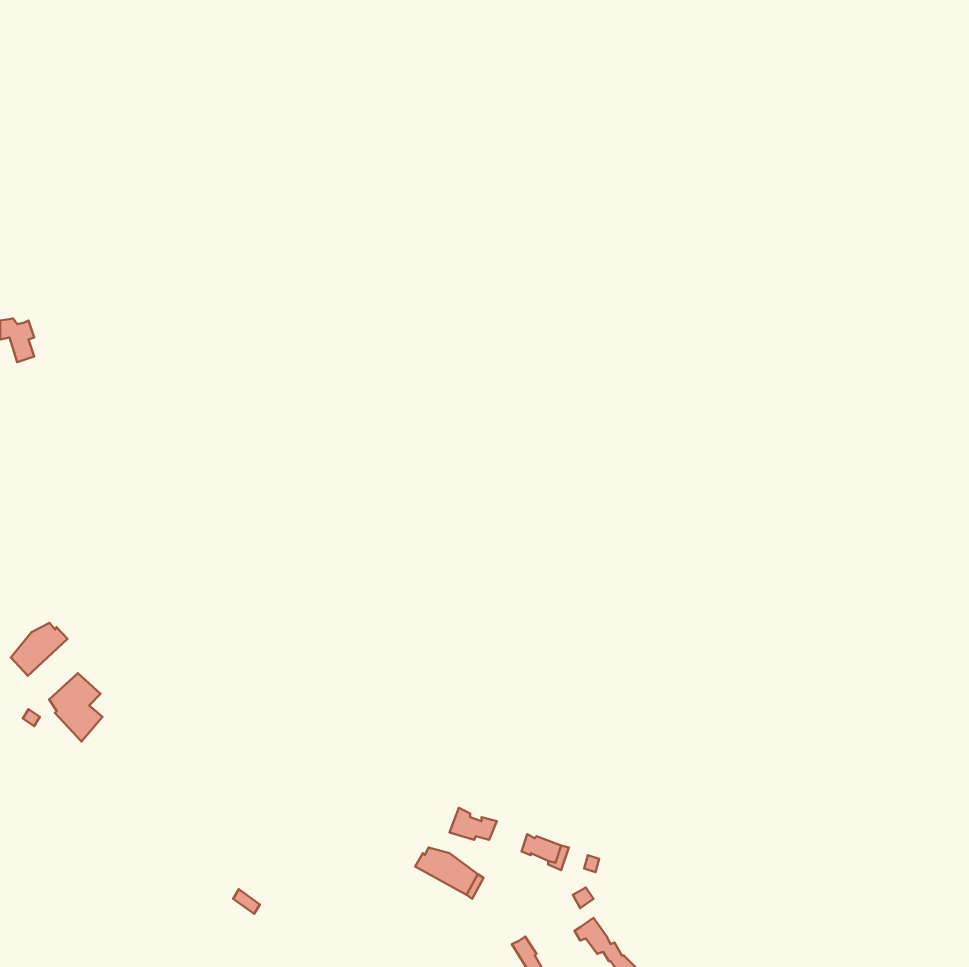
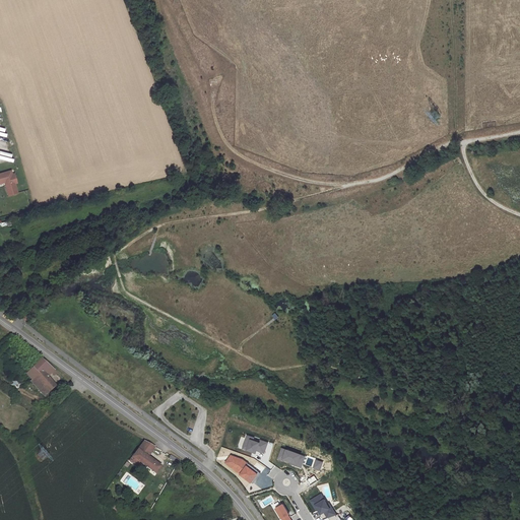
building: [11,623,67,676] -> none
building: none -> [131,441,159,473]

